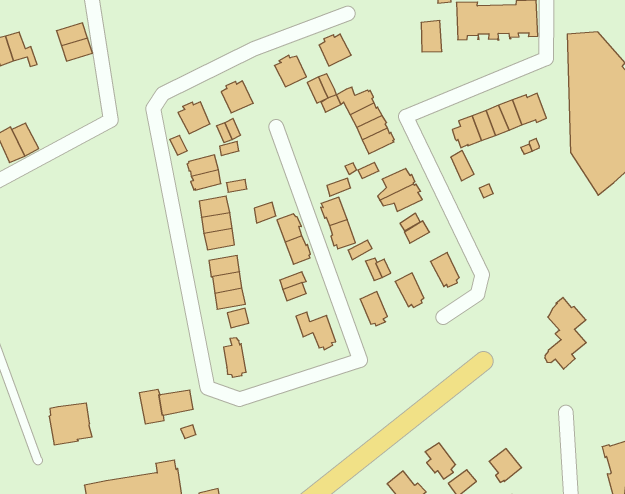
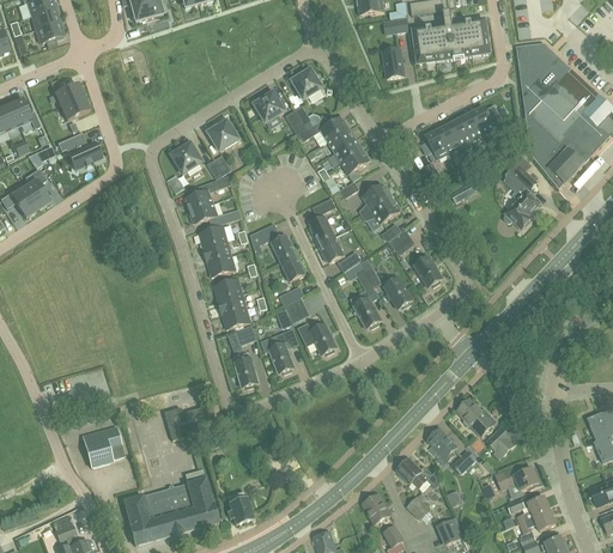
building: none -> [56,132,101,168]
building: [545,297,586,369] -> [502,163,539,227]
building: none -> [261,328,297,373]
building: none -> [456,396,496,433]

